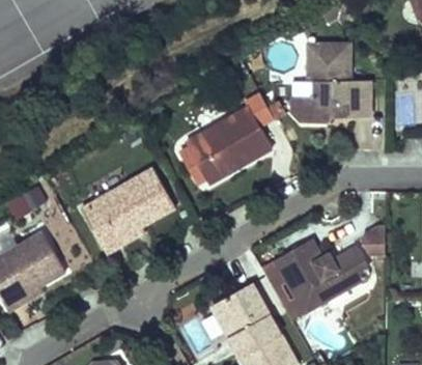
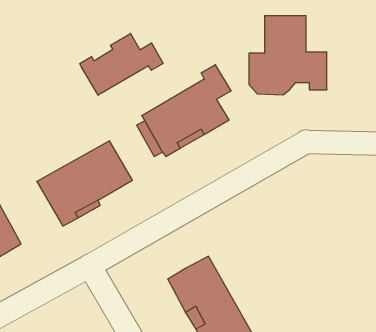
building: none -> [80,33,163,95]
building: [275,225,385,313] -> none

